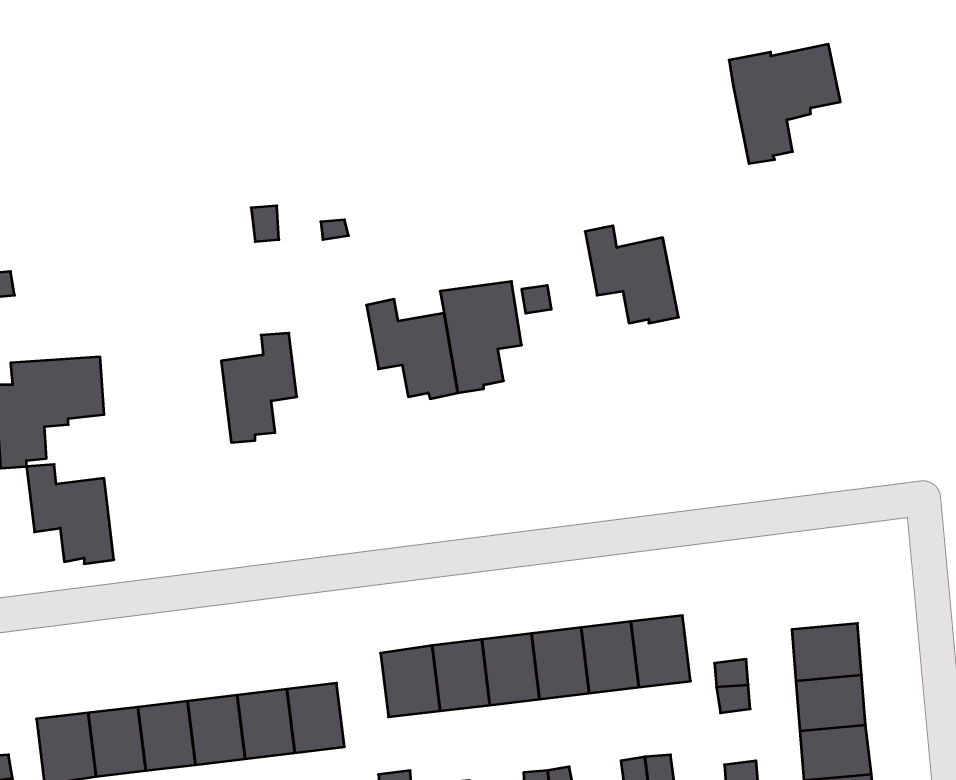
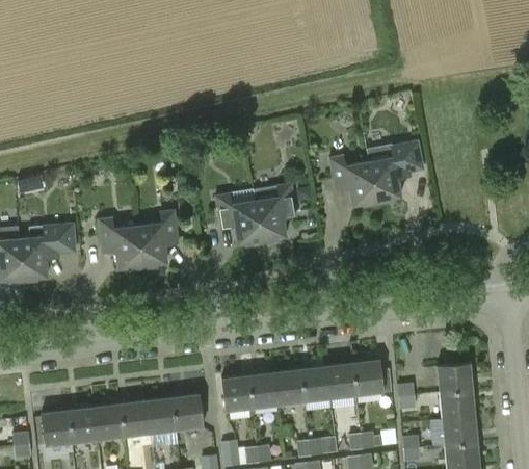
building: [729,44,840,164] -> [367,140,425,203]
building: [26,464,114,564] -> [98,218,143,270]

